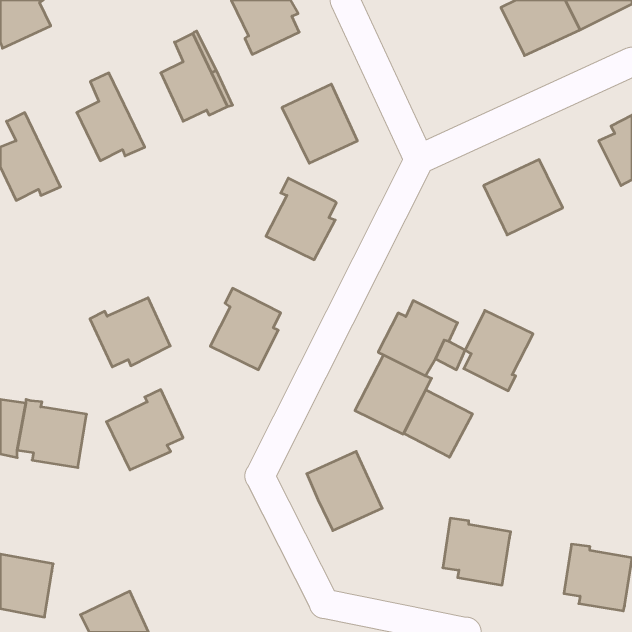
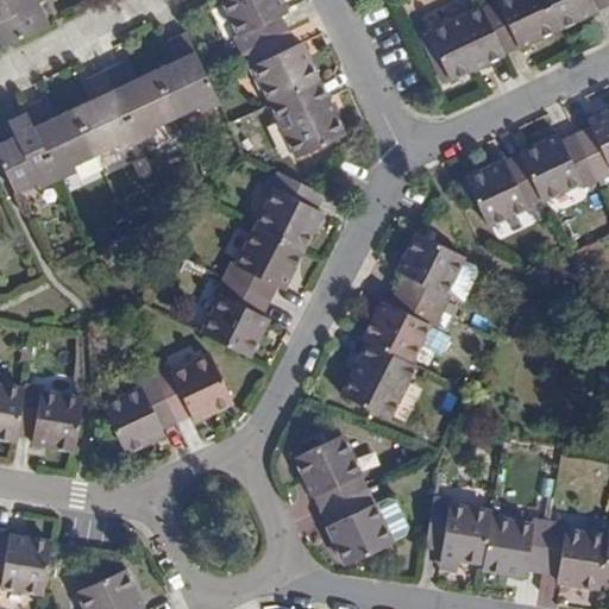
building: none -> [428,7,504,80]
building: none -> [243,31,319,103]
building: none -> [105,62,176,142]
building: none -> [24,100,96,180]
building: none -> [519,134,597,200]
building: none -> [224,227,302,301]
building: [90,298,170,367] -> [155,354,232,421]
building: [464,310,533,391] -> [397,233,464,310]
building: [404,390,472,457] -> none
building: none -> [320,489,393,565]
building: none -> [482,517,550,576]

